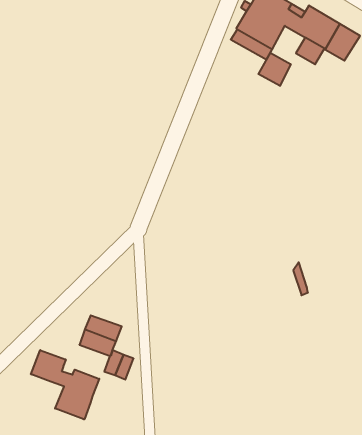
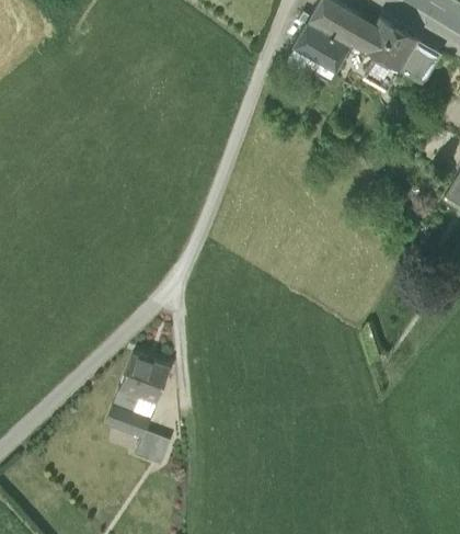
building: [258,53,291,86] -> none
building: none -> [119,354,170,402]
building: [31,350,99,419] -> none

